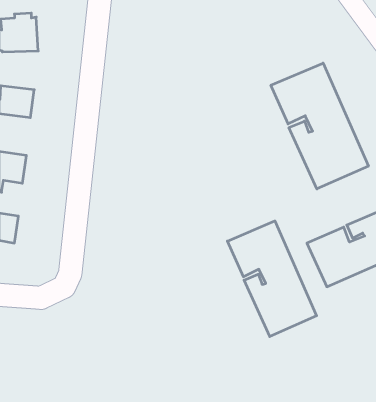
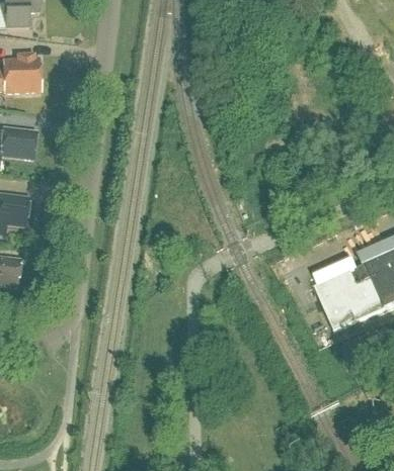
building: [271,63,368,189] -> none
building: [227,221,317,337] -> none

